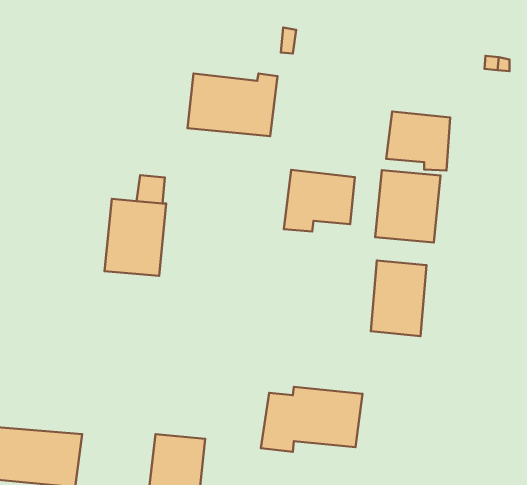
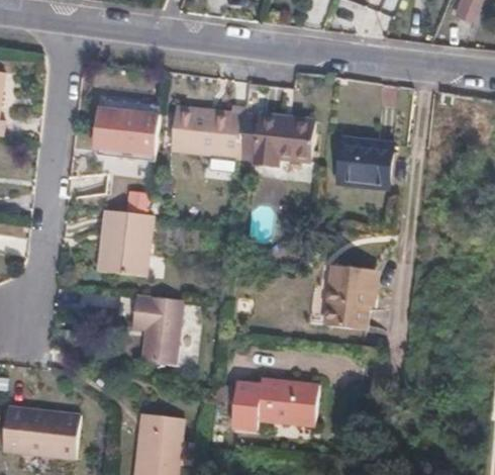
building: none -> [100,98,159,155]
building: [284,170,355,231] -> [251,112,311,165]
building: [375,170,441,243] -> none
building: none -> [131,297,179,368]

